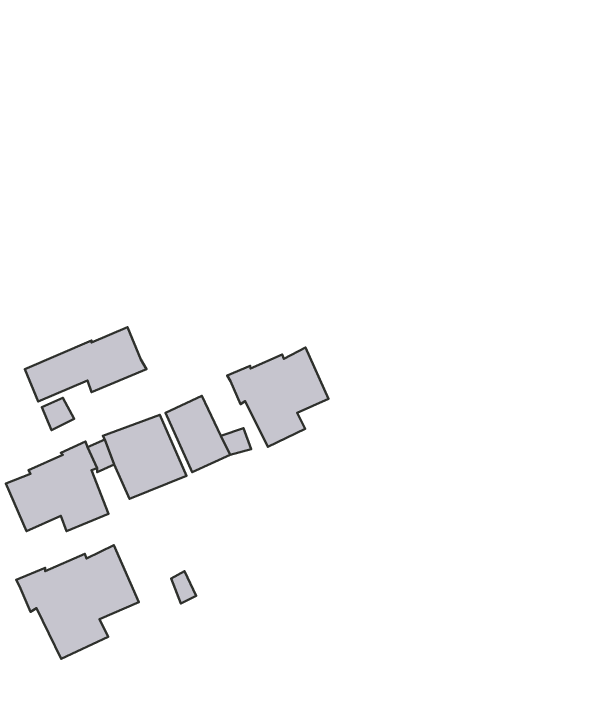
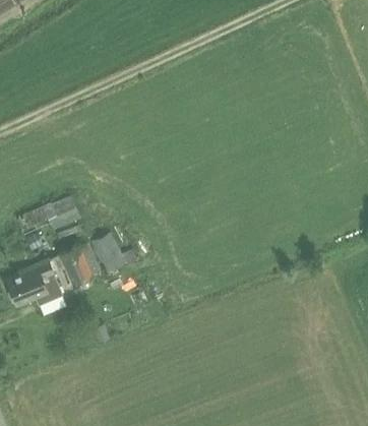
building: [227,348,329,447] -> none
building: [16,545,139,659] -> none

